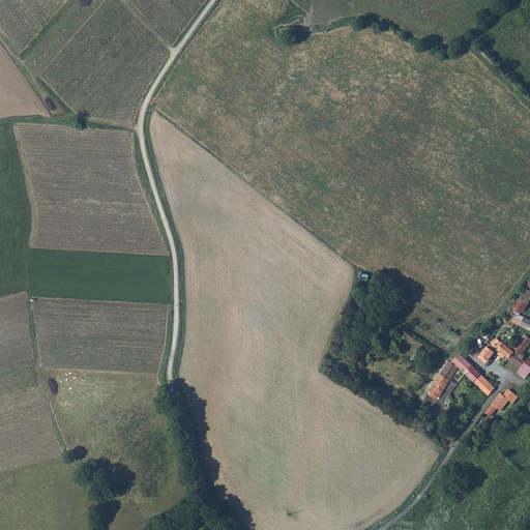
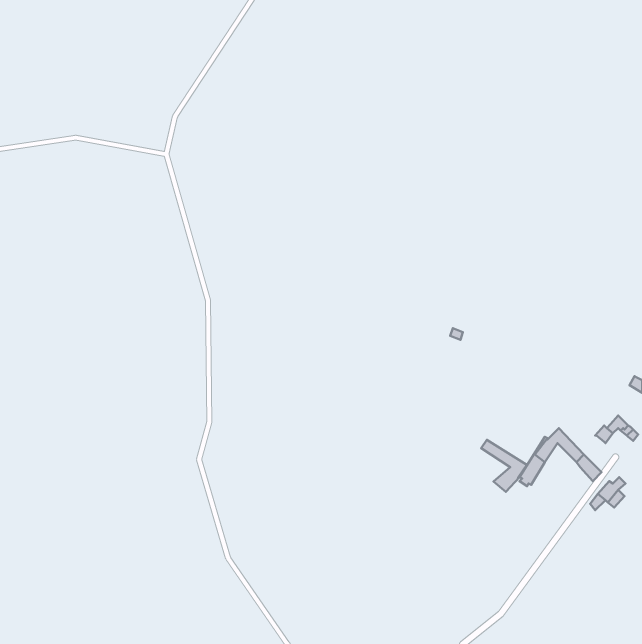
building: none -> [481,440,527,492]

